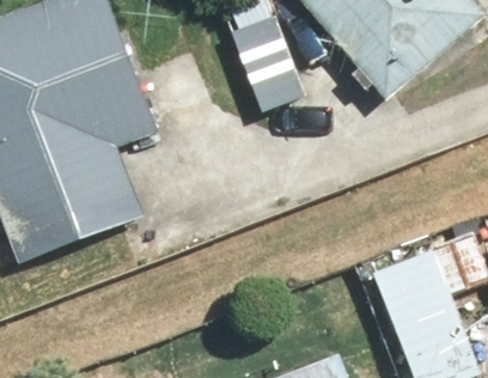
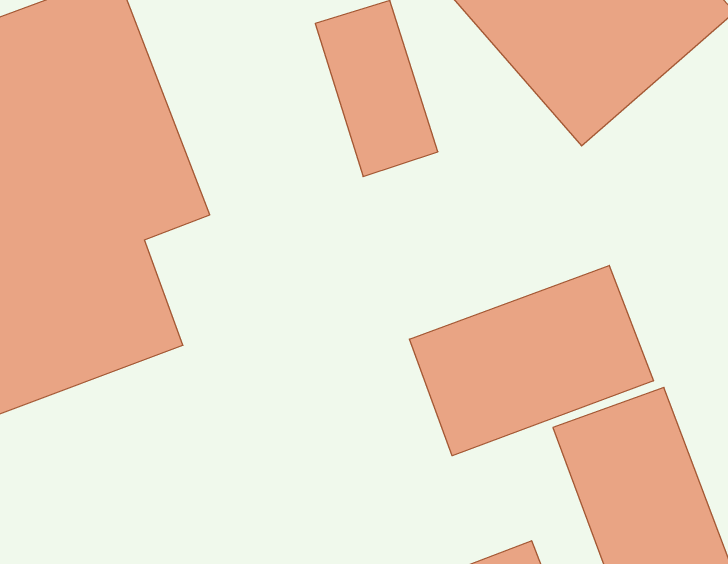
building: none -> [409,265,653,456]

